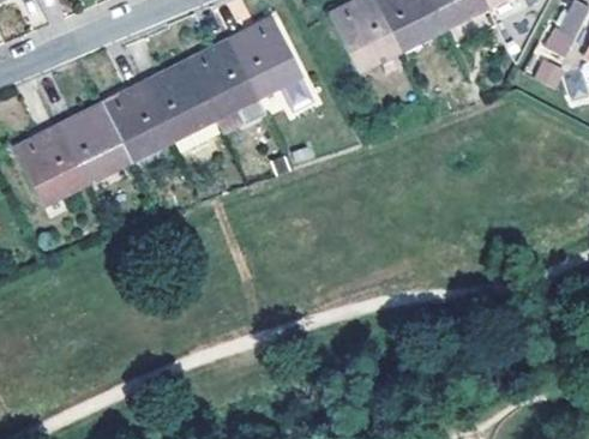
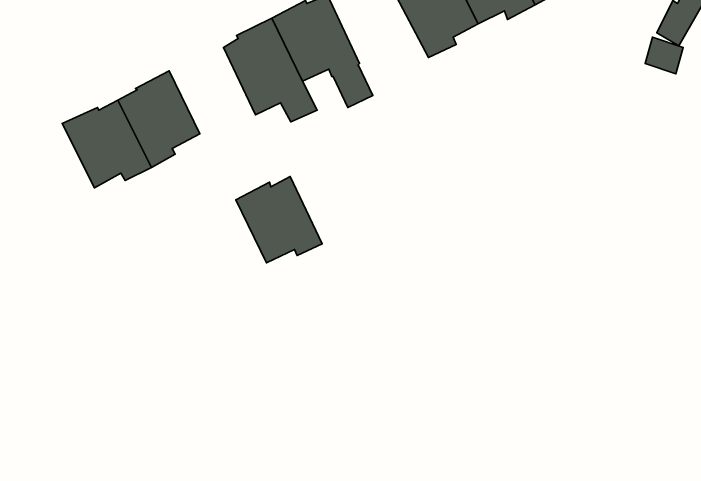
building: [144,62,215,133] -> [236,176,322,263]
building: [16,125,83,205] -> none

